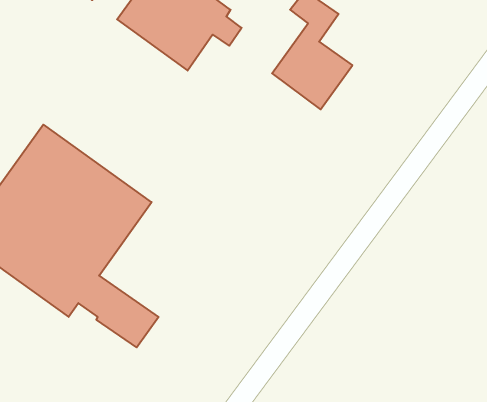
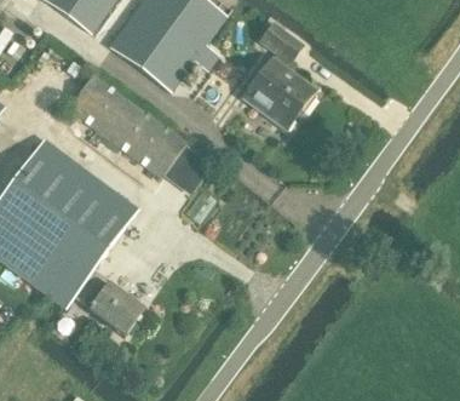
building: none -> [67,71,190,174]

